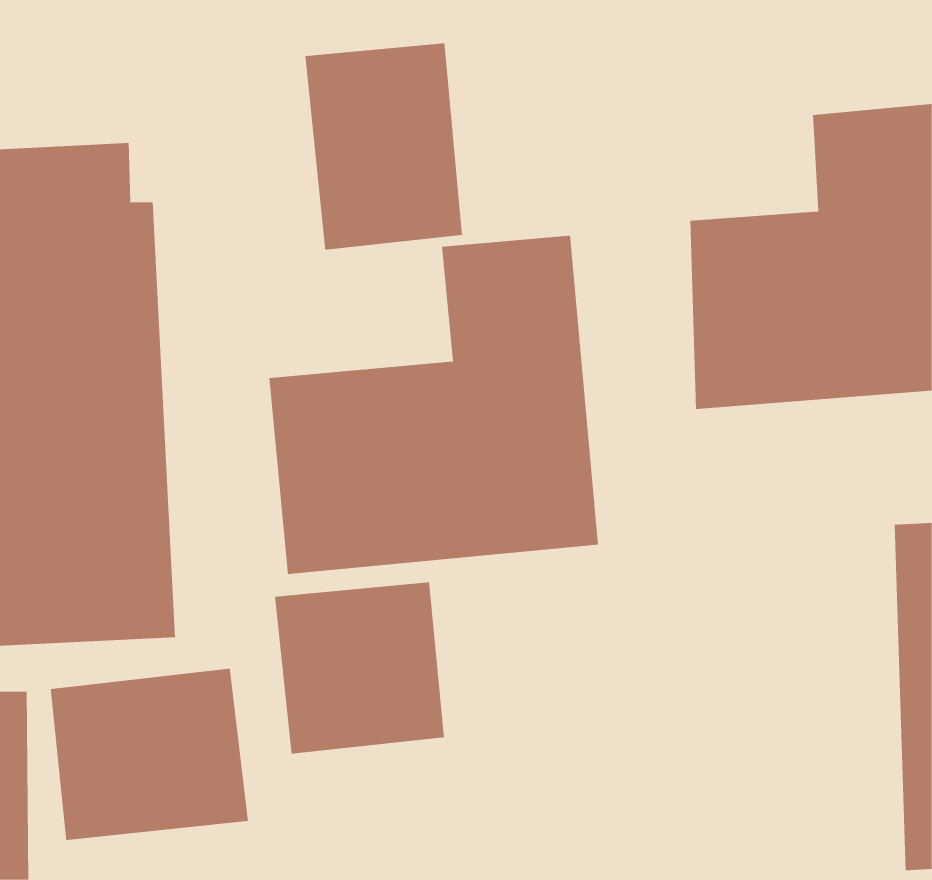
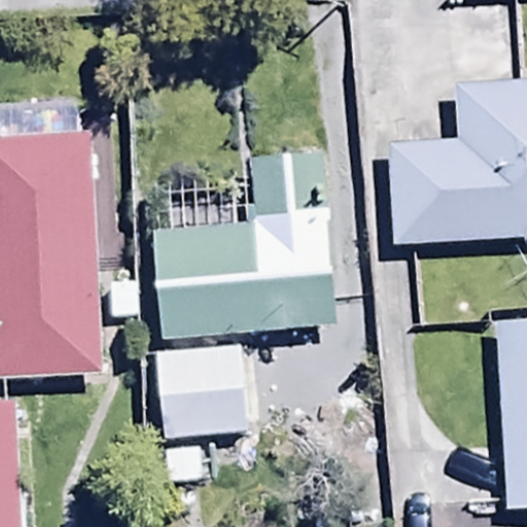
building: [305,42,463,251] -> none
building: [50,668,248,841] -> none

